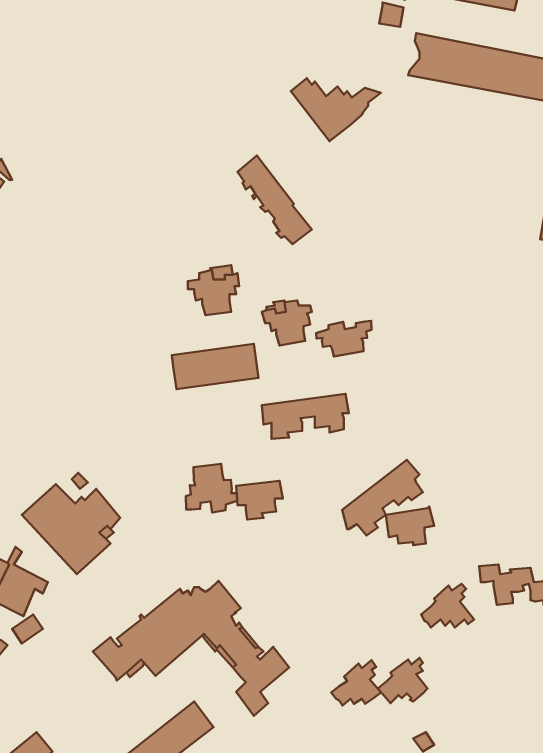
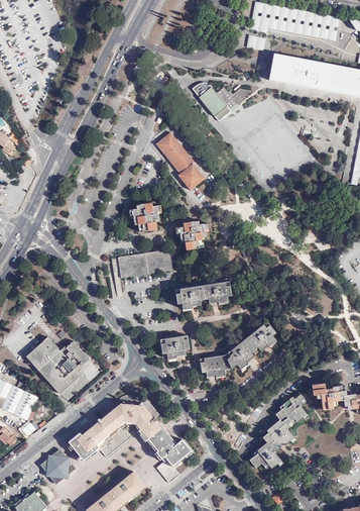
building: [316,321,372,357] -> none
building: [186,464,237,513] -> none
building: [386,507,434,545] -> [199,352,229,377]
building: [331,660,381,705] -> [262,421,293,449]
building: none -> [42,447,78,484]

